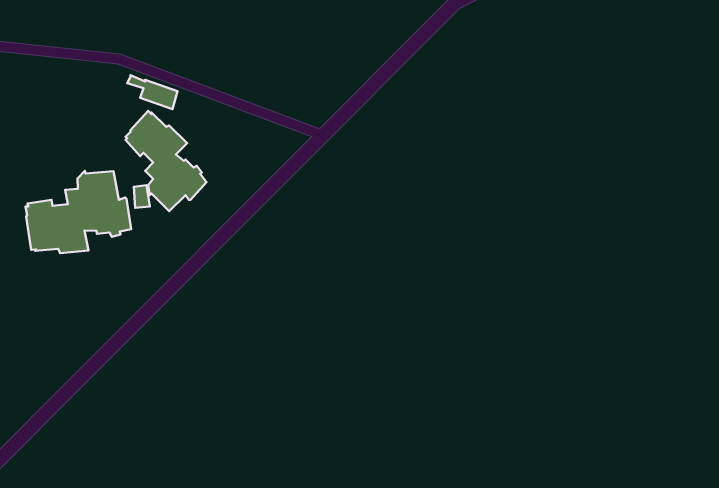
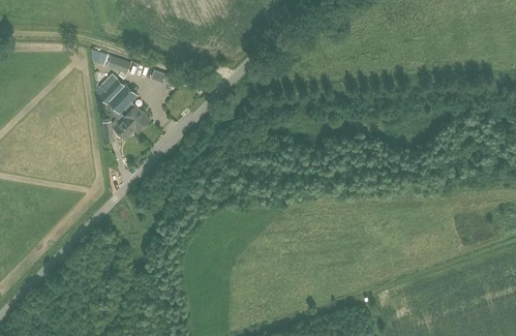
building: [26,171,131,253] -> none

